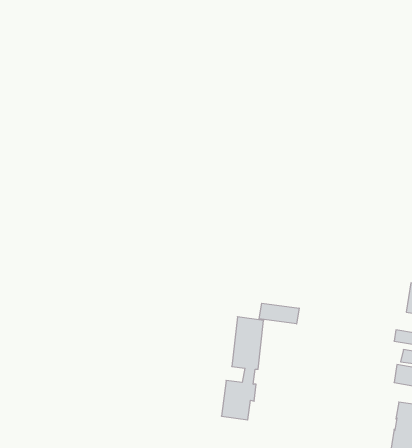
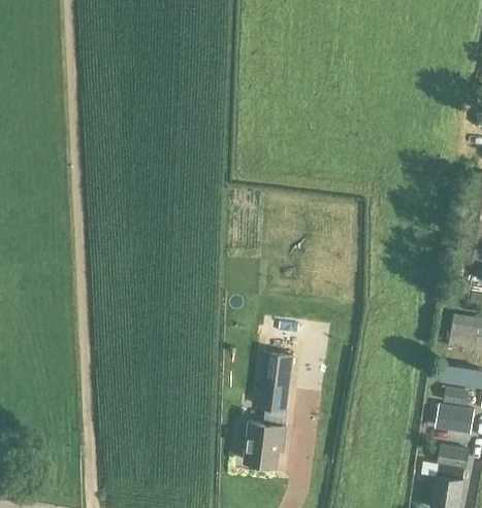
building: [259,303,299,324] -> none

